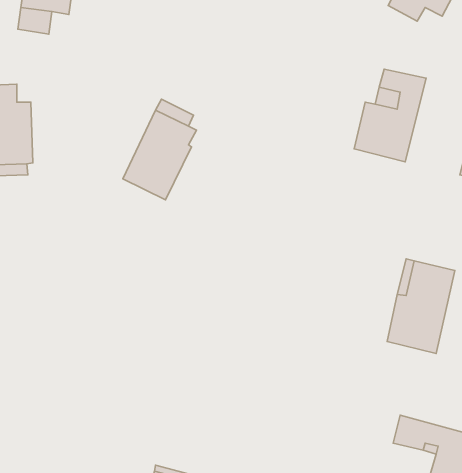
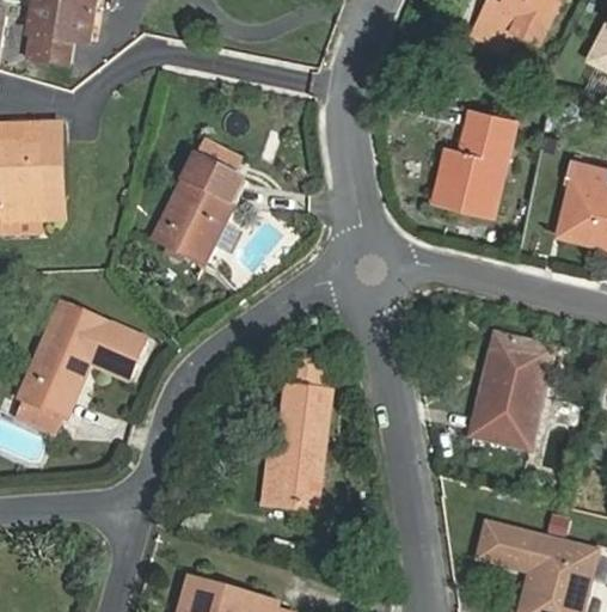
building: none -> [26,124,63,219]
building: none -> [17,302,143,433]
building: none -> [260,357,330,513]

